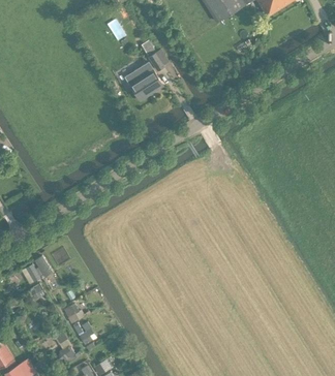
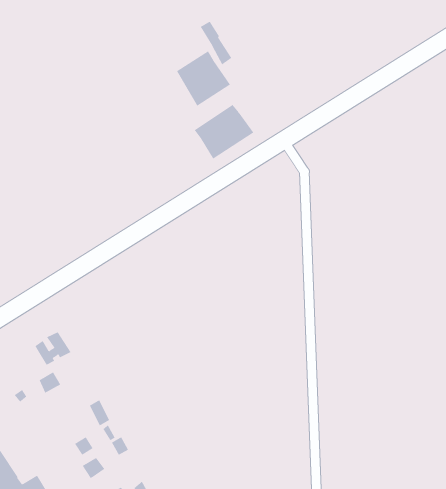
building: none -> [194,104,254,160]

